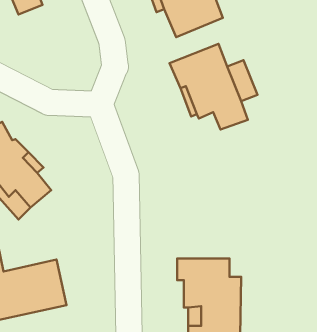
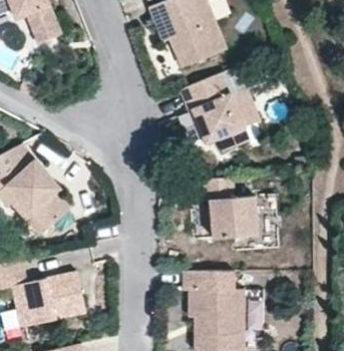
building: none -> [206,177,259,240]

